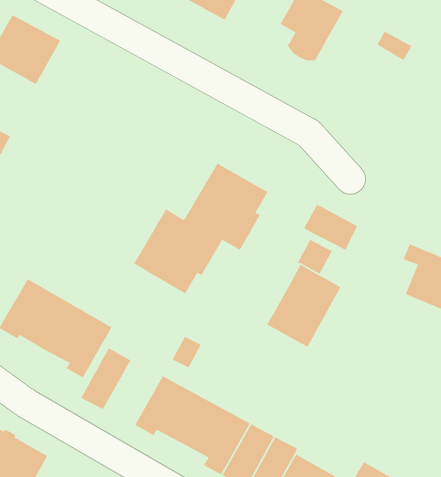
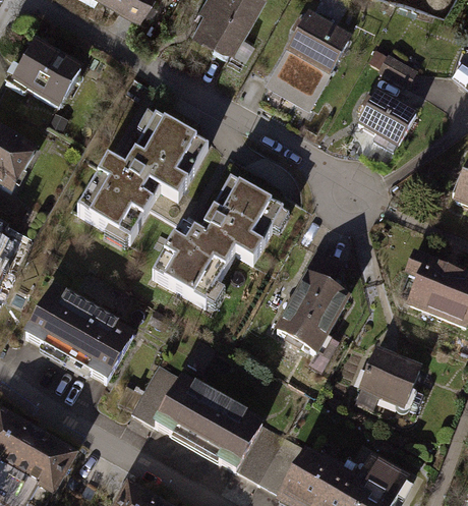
building: none -> [357,90,415,140]
building: none -> [80,114,212,239]
building: [303,203,358,251] -> none
building: none -> [358,349,418,403]
building: [80,347,131,410] -> [131,364,179,424]

